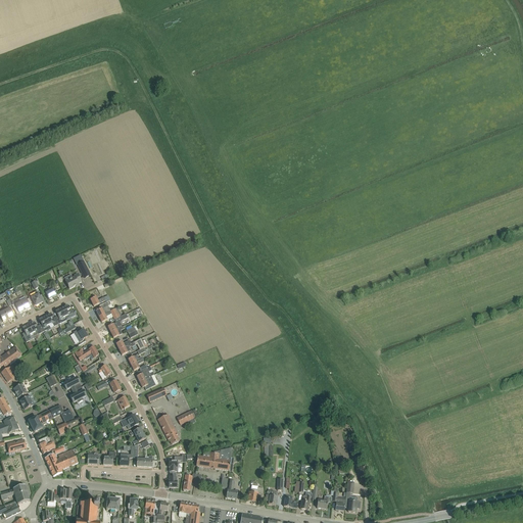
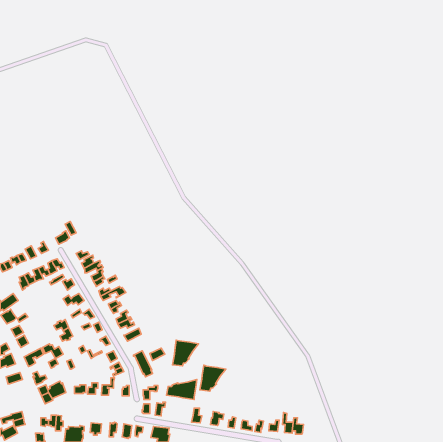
building: none -> [173,340,199,366]
building: none -> [200,365,226,391]

